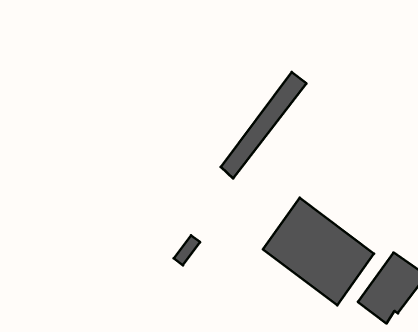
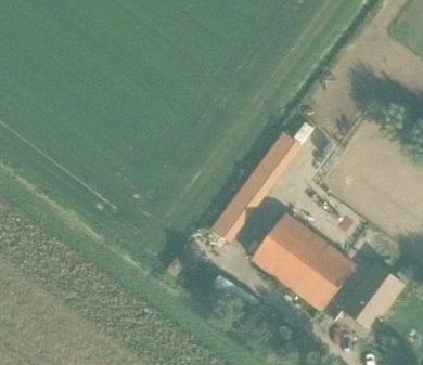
building: [221,72,306,178] -> [213,136,294,237]

